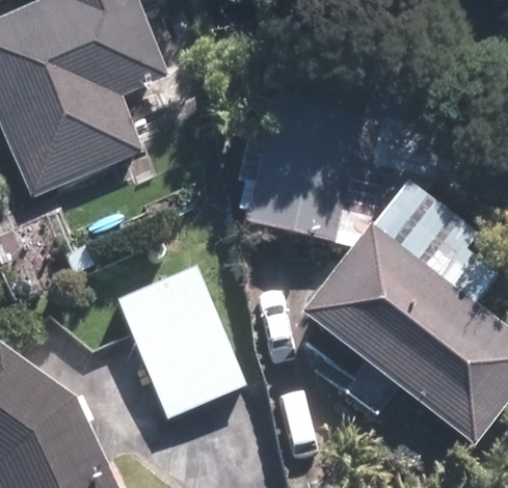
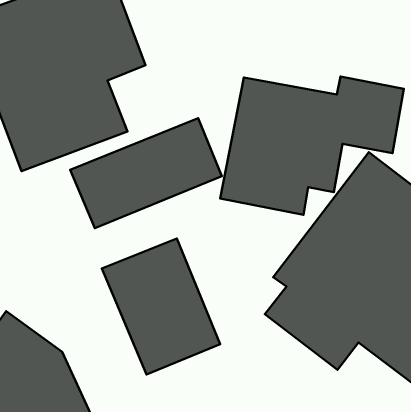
building: none -> [70,118,222,228]

